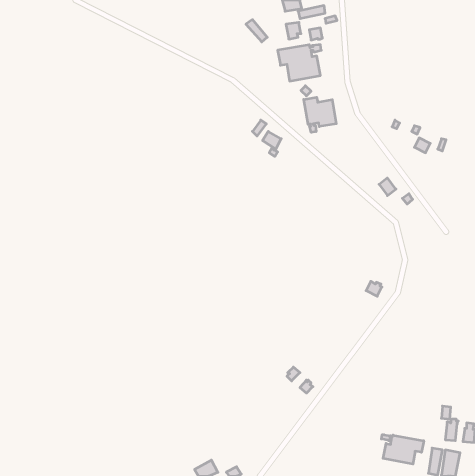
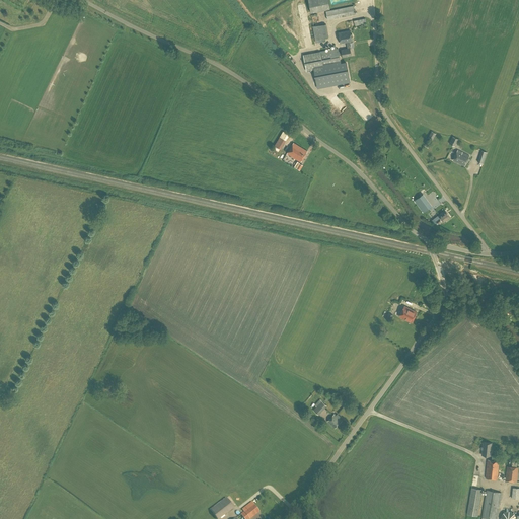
building: [304,97,336,132] -> none
building: [381,435,424,464] -> none

